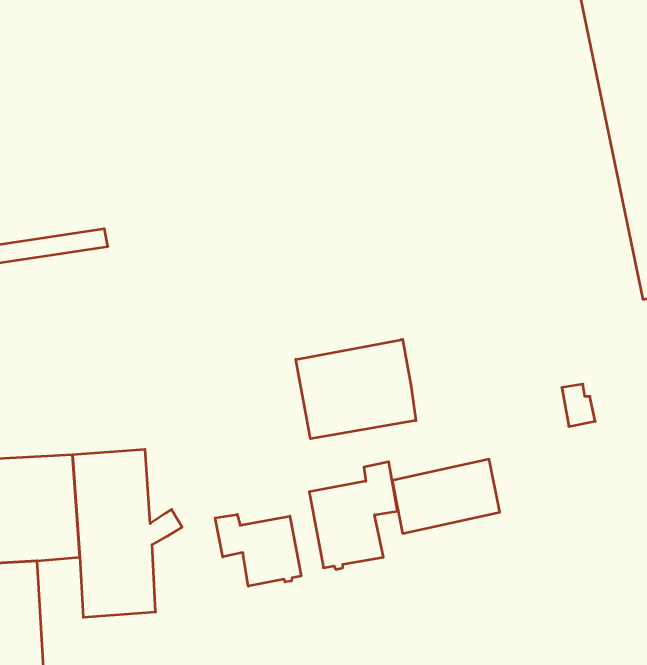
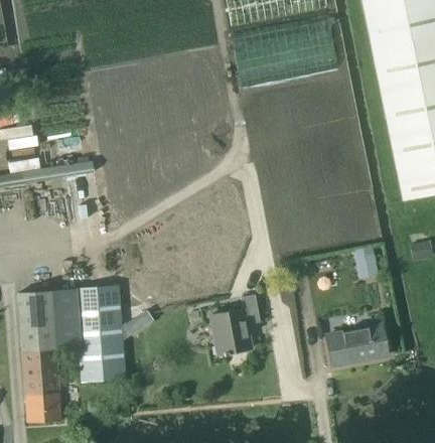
building: [296,339,416,439] -> none
building: [392,459,500,533] -> [328,323,390,365]
building: [215,514,301,586] -> none

